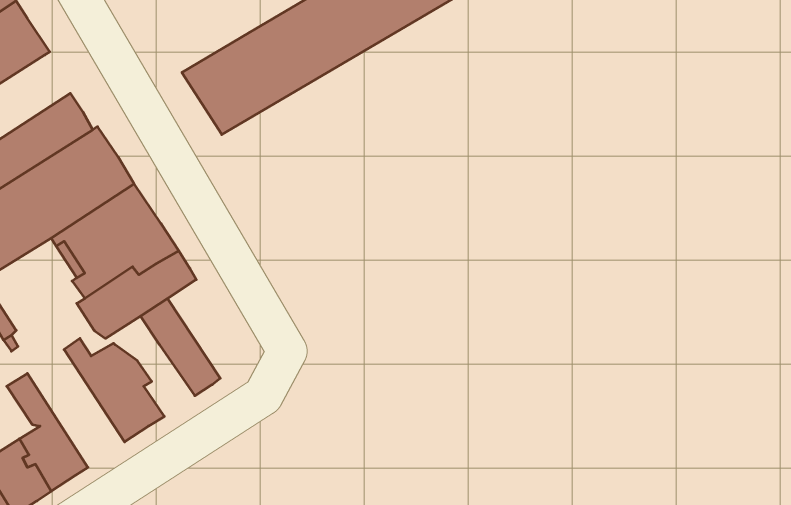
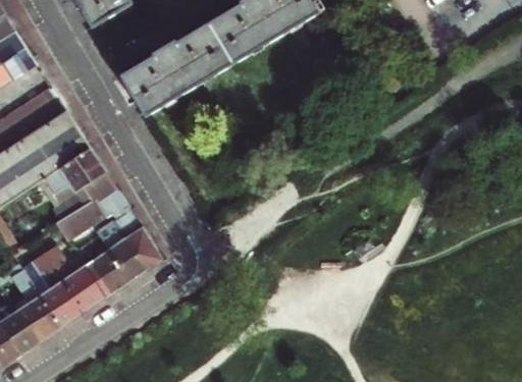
building: none -> [110,207,162,270]
building: none -> [76,242,127,294]
building: none -> [20,252,83,327]

